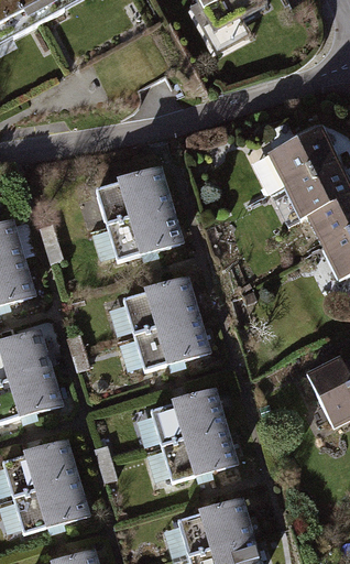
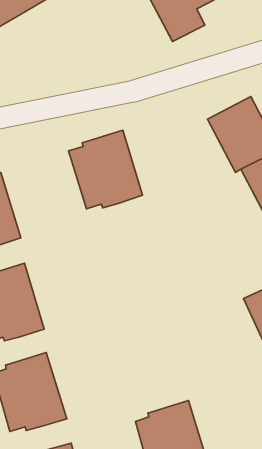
building: [122,275,214,371] -> none
building: [150,386,241,480] -> none

